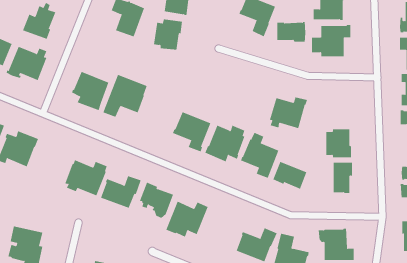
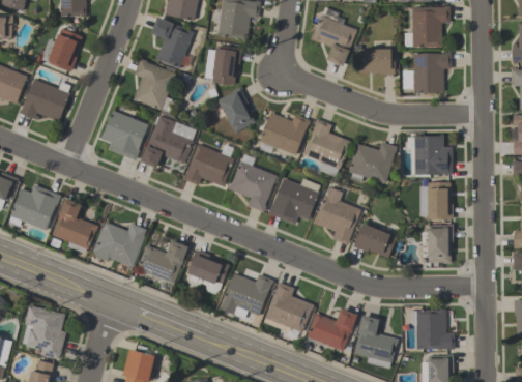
building: none -> [133,58,175,113]
building: none -> [218,87,254,133]
building: none -> [258,113,310,155]
building: none -> [302,119,350,177]
building: none -> [407,137,452,177]
building: none -> [182,144,233,186]
building: none -> [51,200,97,254]
building: none -> [265,281,314,331]

